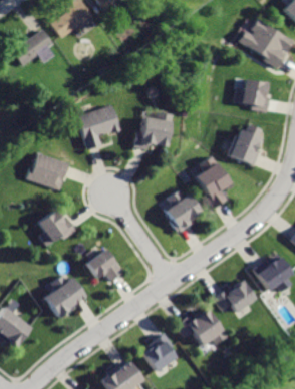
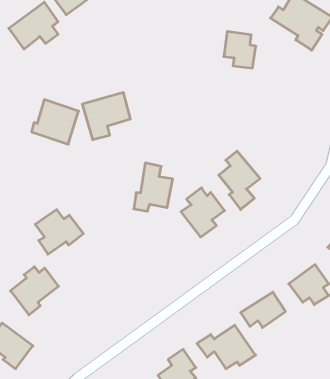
building: [241,80,269,112] -> [224,31,256,68]
building: [132,107,167,149] -> [134,163,173,211]
building: [232,123,260,162] -> none
building: [26,152,67,191] -> [32,100,79,144]
building: [87,250,124,283] -> none
building: [42,278,84,320] -> [10,267,59,315]

